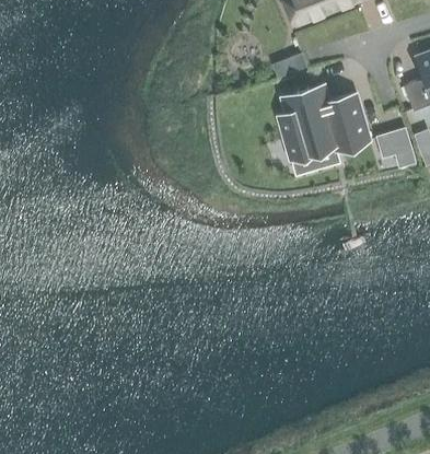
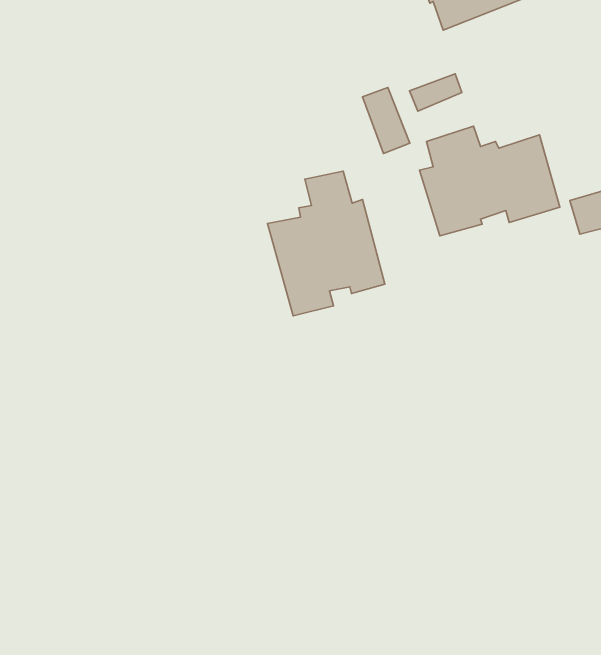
building: none -> [362,88,410,153]
building: none -> [267,171,385,316]

